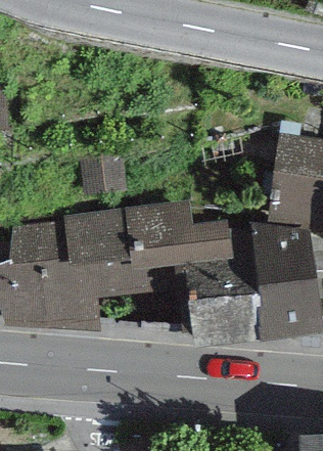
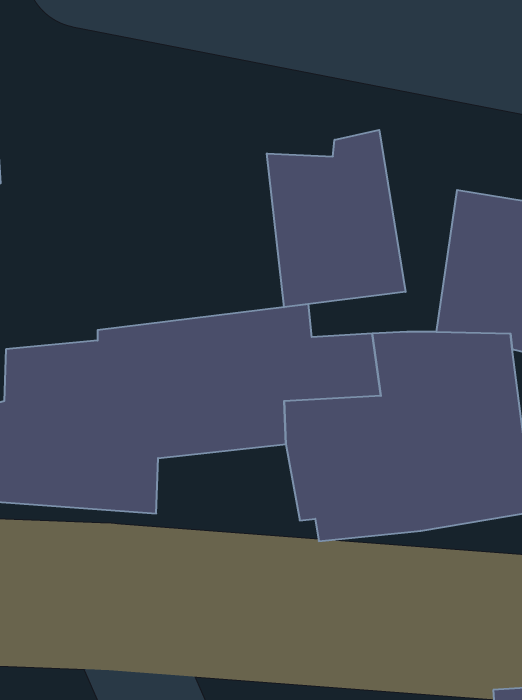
building: none -> [267,130,406,307]

